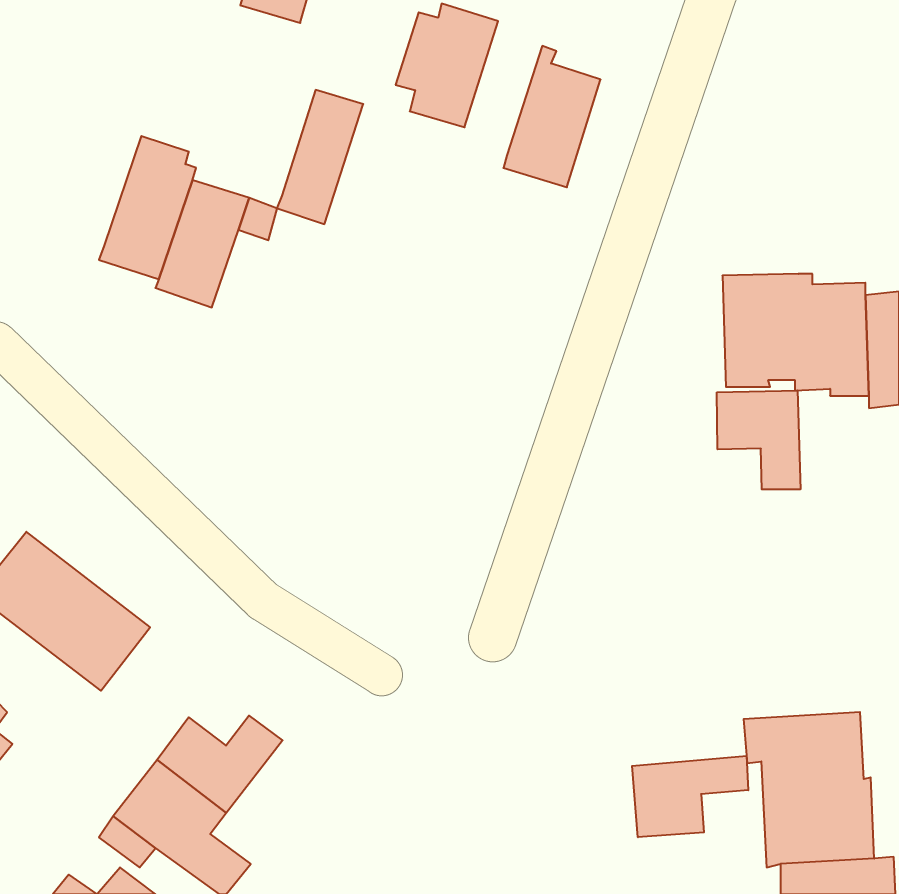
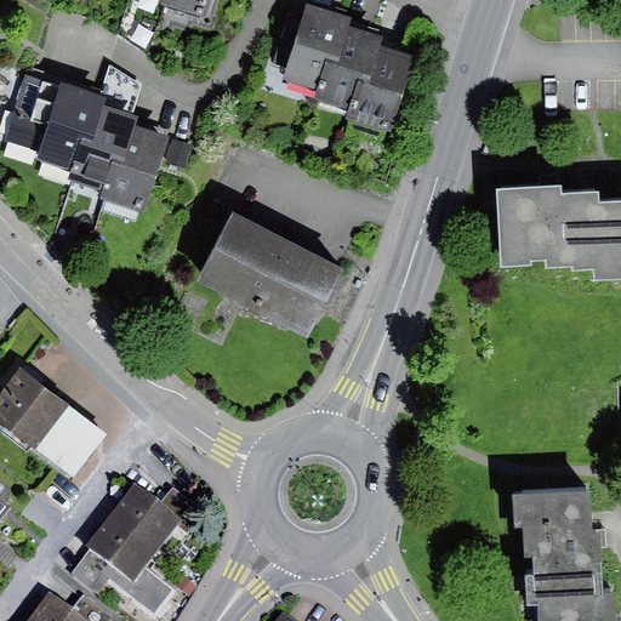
building: [277,90,363,224] -> [315,15,375,107]
building: none -> [5,70,97,169]
building: none -> [196,212,341,335]
building: [717,390,800,489] -> none
building: [632,756,748,837] -> none

